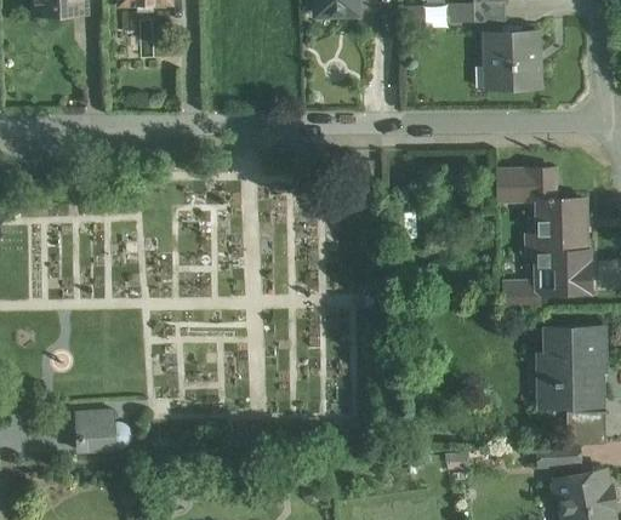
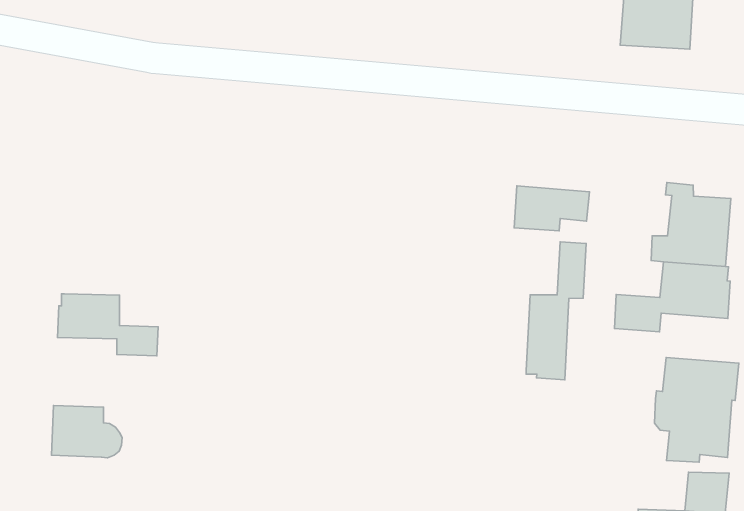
building: [496,168,553,202] -> [514,186,590,231]
building: none -> [526,242,586,380]
building: none -> [58,294,158,356]

